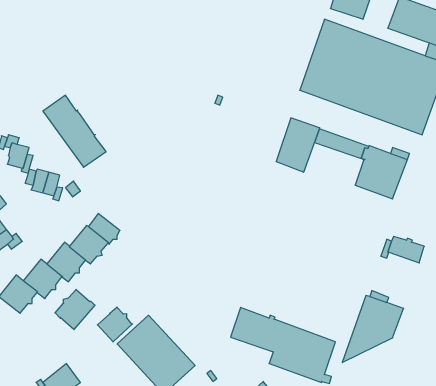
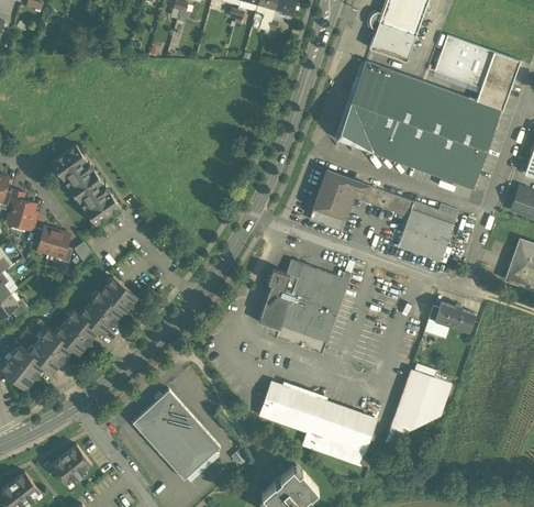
building: none -> [259,261,351,342]
building: [55,289,95,330] -> none
building: [97,307,133,342] -> none

